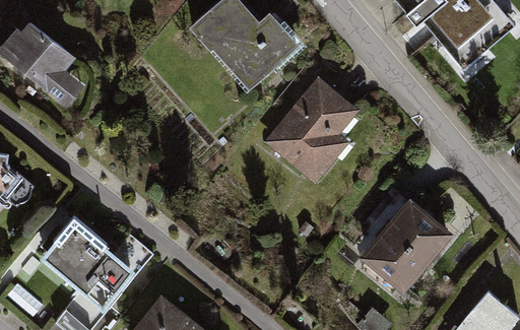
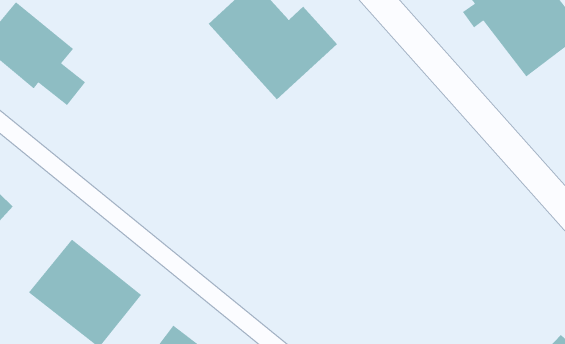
building: [262,80,359,186] -> none
building: [358,201,454,300] -> none

